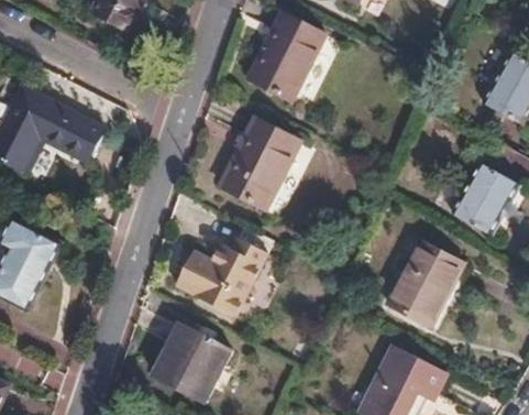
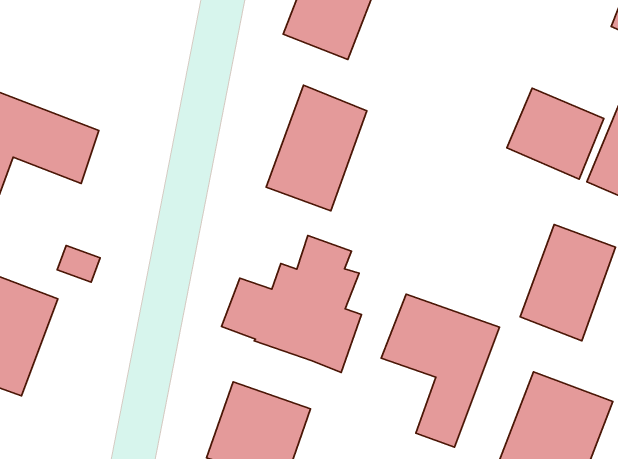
building: none -> [507,88,604,179]
building: none -> [381,294,500,447]

